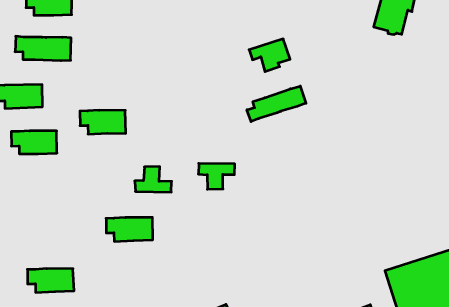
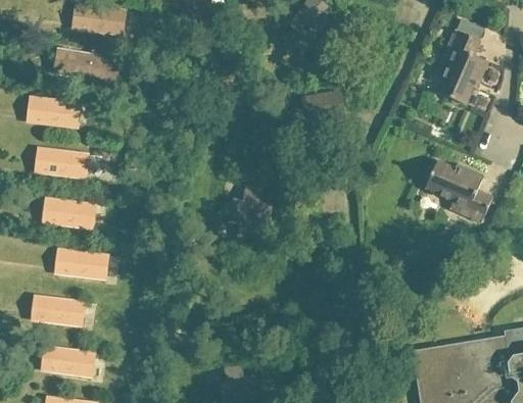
building: [247,86,306,122] -> none
building: none -> [425,159,492,222]
building: [80,110,126,134] -> [44,198,94,229]
building: [135,167,172,192] -> [232,186,272,216]
building: [106,217,153,241] -> [56,249,107,279]

